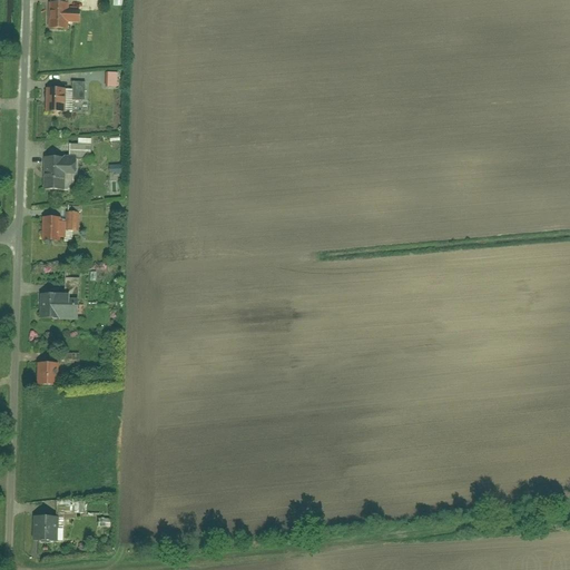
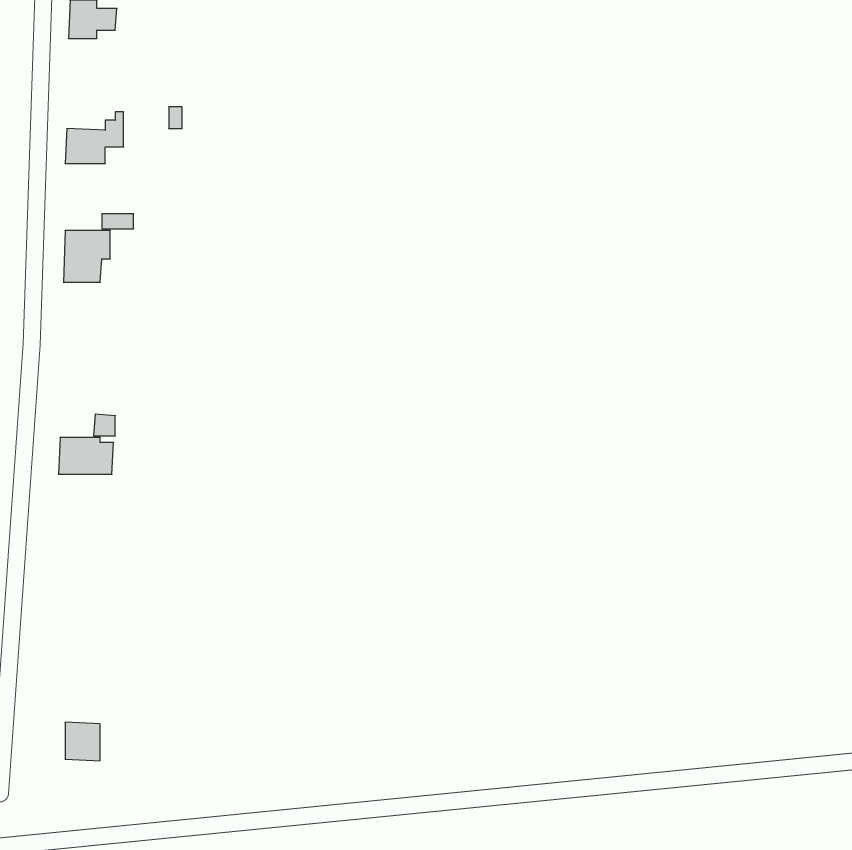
building: [41,212,78,239] -> none
building: [37,361,57,383] -> none
building: [33,513,57,539] -> [65,722,100,761]

